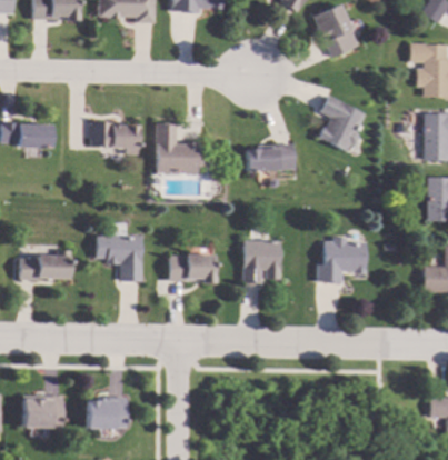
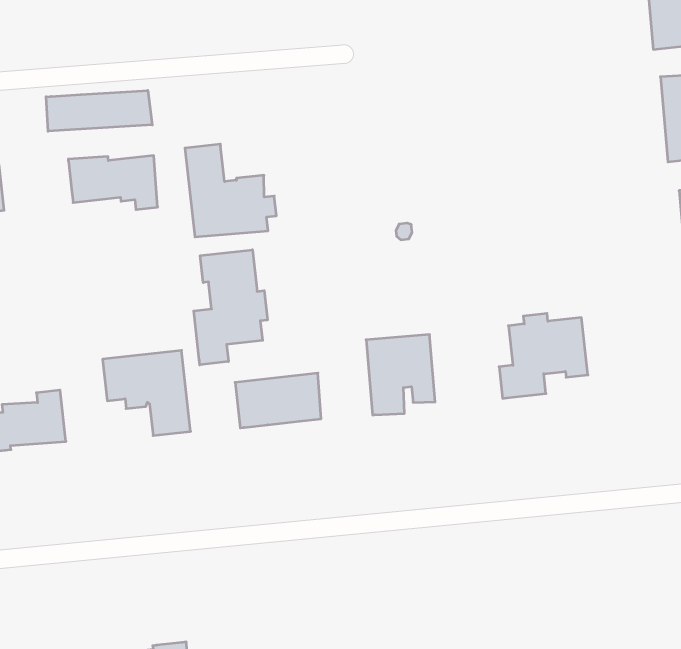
building: none -> [46,90,152,131]
building: [317,96,364,150] -> none
building: [245,143,293,171] -> none
building: none -> [194,250,267,365]

